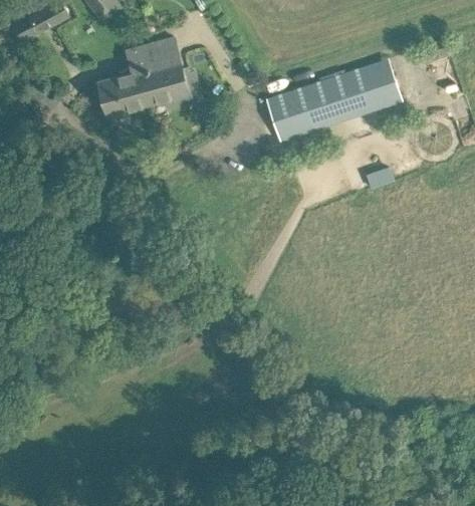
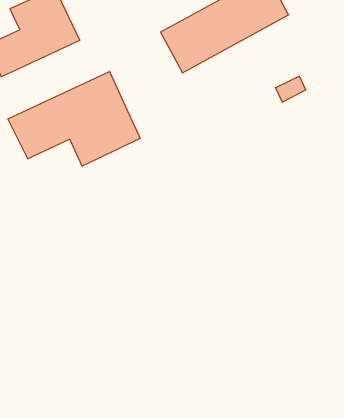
building: none -> [8,71,140,166]

